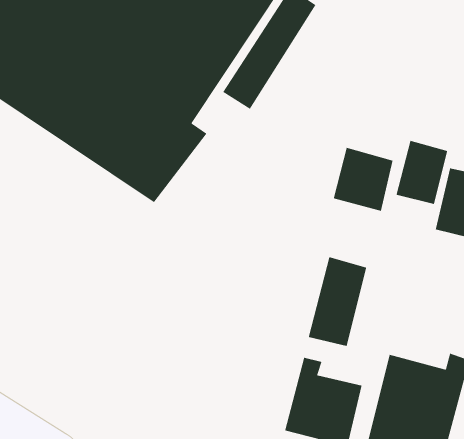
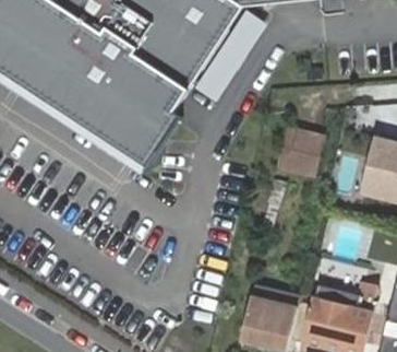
building: [395,140,448,205] -> none
building: [308,256,367,347] -> none

